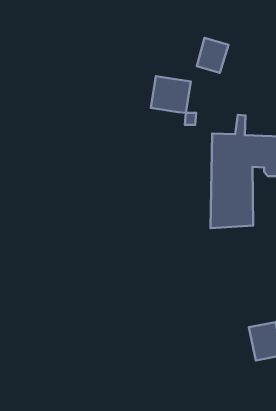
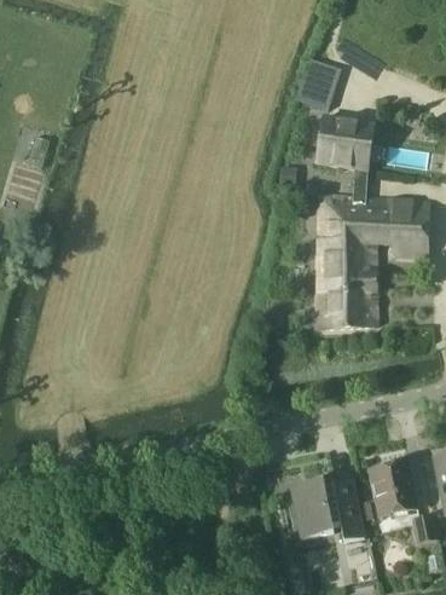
building: [151,76,191,113] -> [315,116,372,168]
building: none -> [290,478,364,541]

